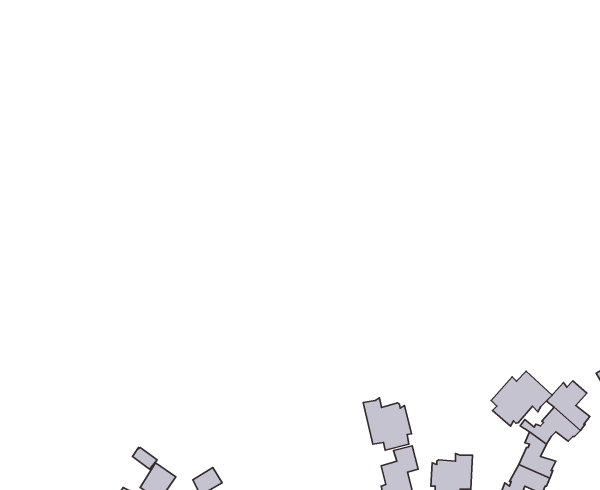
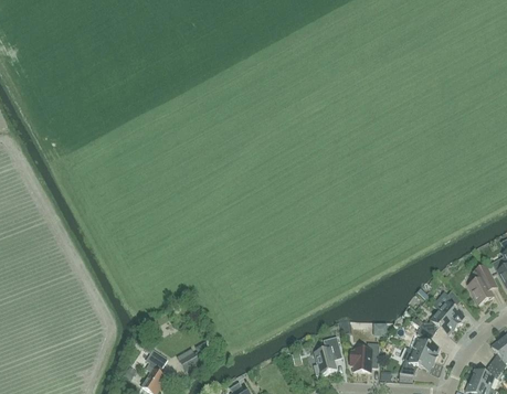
building: [491,371,552,426] -> none
building: [363,398,412,450] -> none

